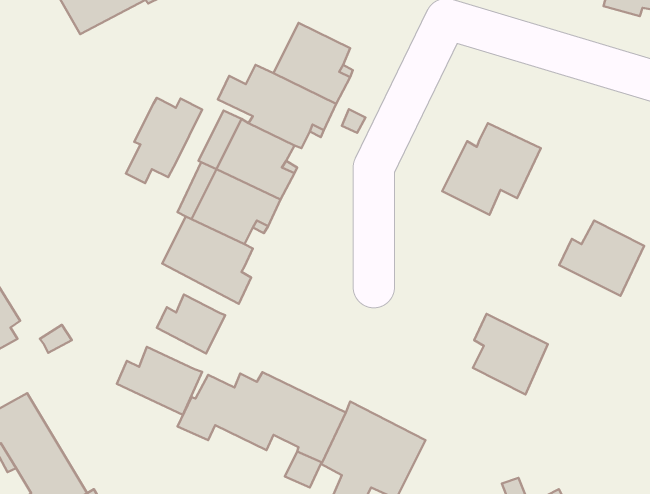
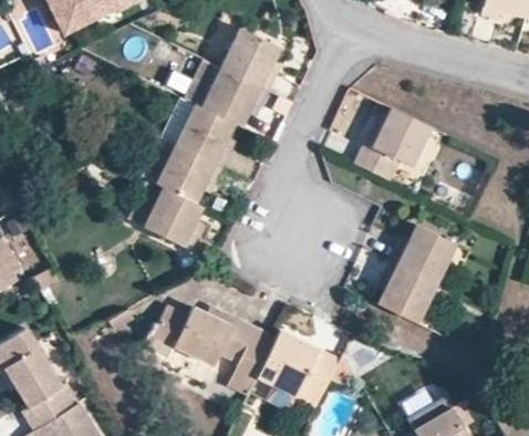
building: [126,98,202,183] -> none
building: [559,221,644,296] -> [390,222,457,282]
building: [157,295,225,353] -> none
building: [117,347,202,415] -> none

